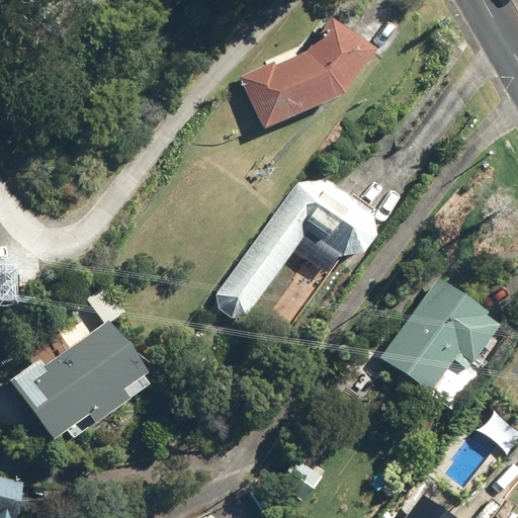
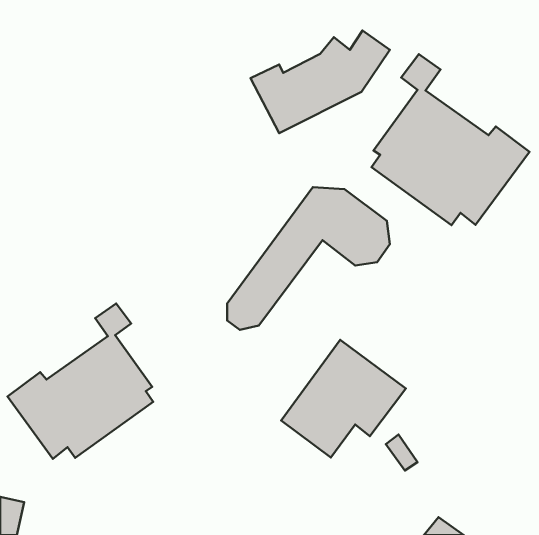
building: none -> [371,54,529,225]
building: [381,277,501,390] -> [281,340,406,457]

